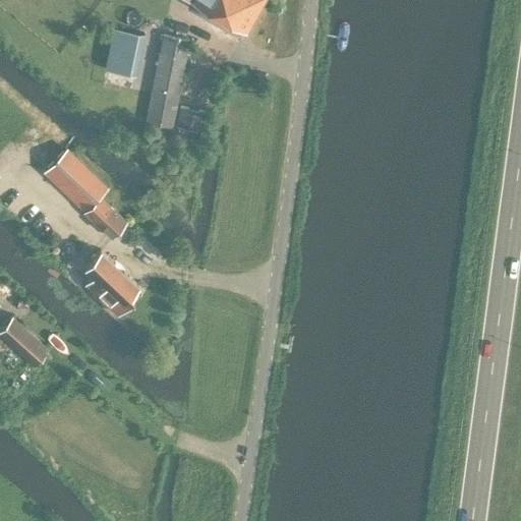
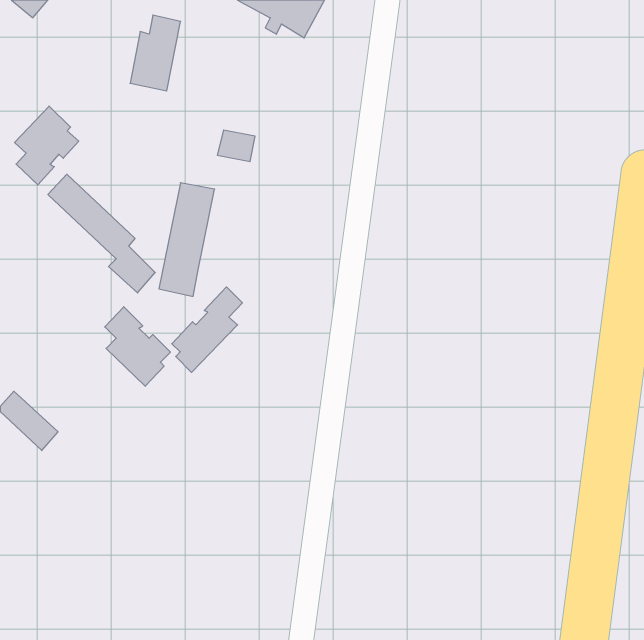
building: [146,38,190,129] -> [159,183,215,296]
building: none -> [15,106,79,185]
building: none -> [172,287,242,372]

